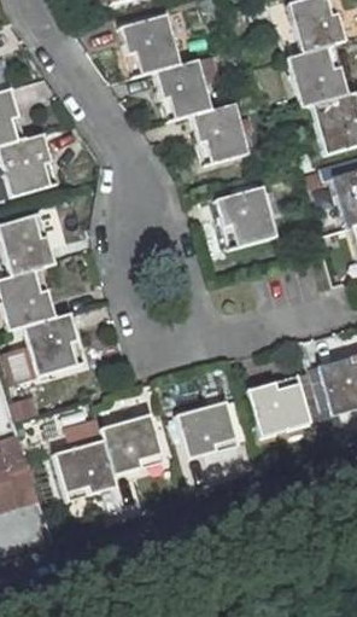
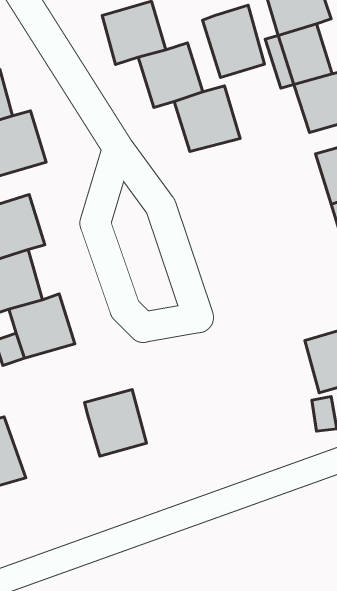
building: none -> [202,5,265,77]
building: [210,188,276,255] -> none
building: [246,371,309,438] -> none
building: [177,397,239,462] -> none
building: [49,436,118,505] -> none

